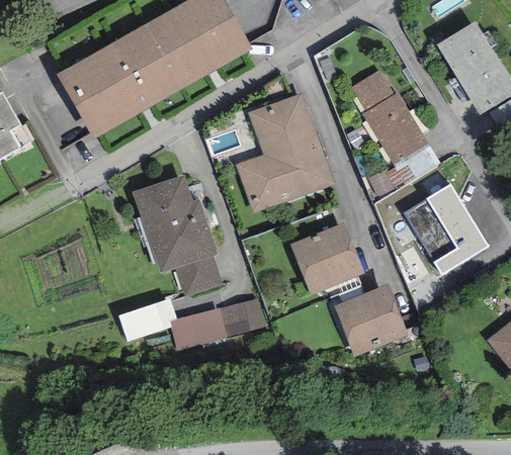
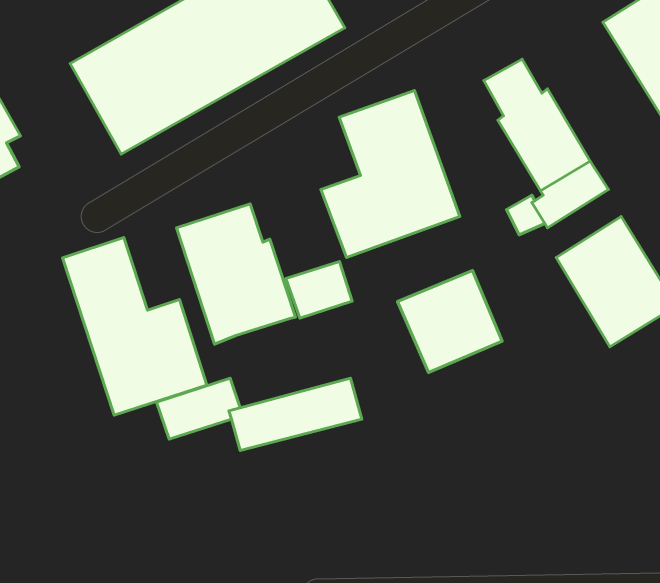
building: none -> [62,238,207,415]
building: [174,256,222,296] -> [286,262,352,318]
building: [333,284,408,357] -> none

